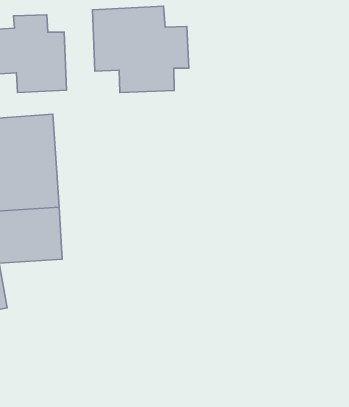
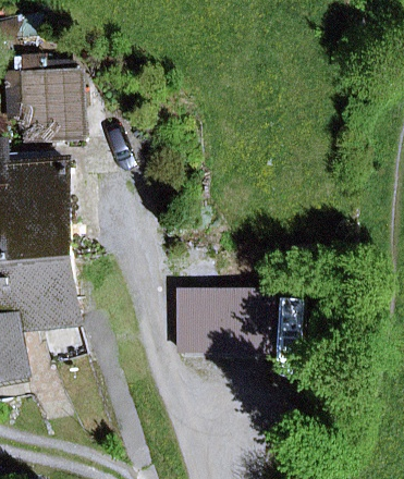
building: [92,6,189,92] -> none
building: none -> [179,290,274,351]

